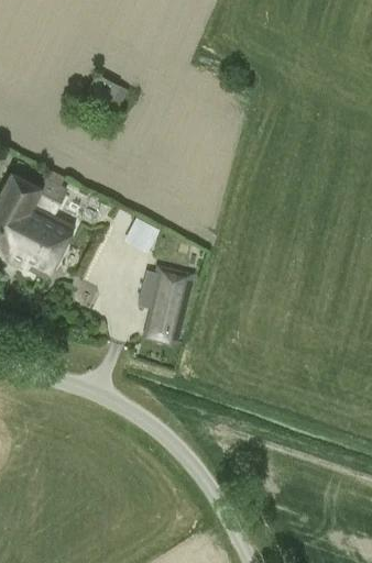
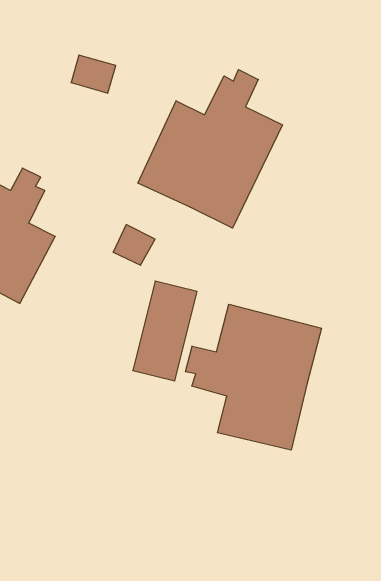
building: none -> [138,70,282,228]
building: none -> [185,304,322,450]

